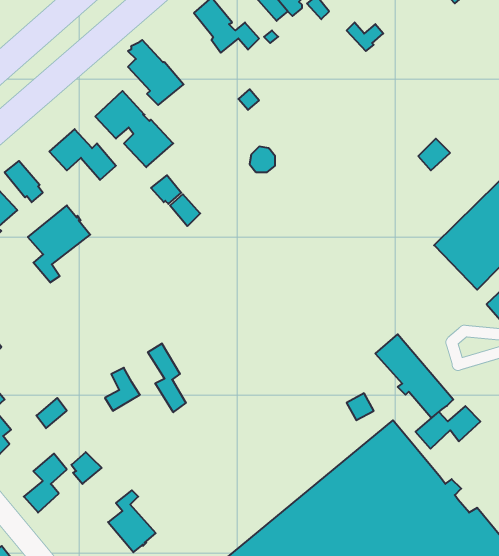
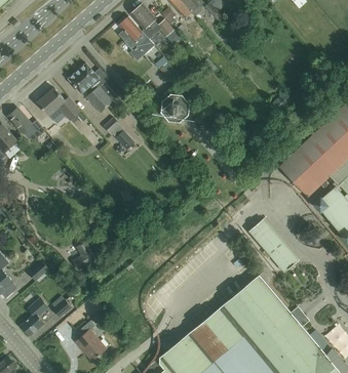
building: [128,40,184,105] -> [119,18,155,60]
building: [28,205,90,283] -> none
building: [148,343,186,412] -> none
building: [416,406,480,449] -> none

